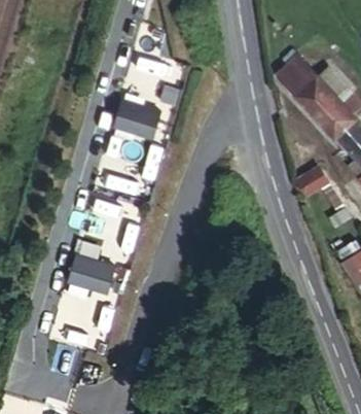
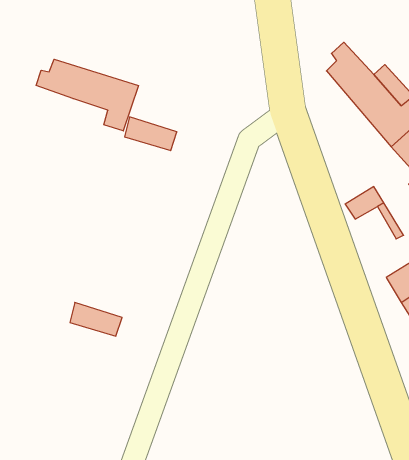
building: none -> [36,59,139,131]

